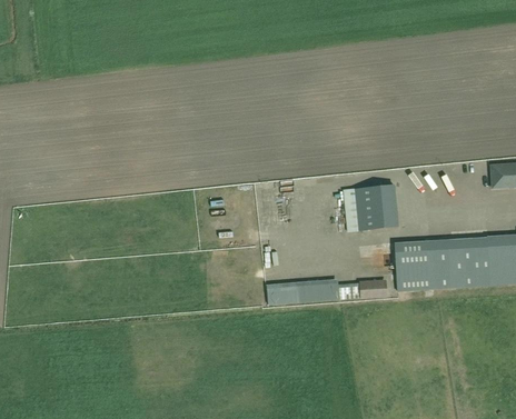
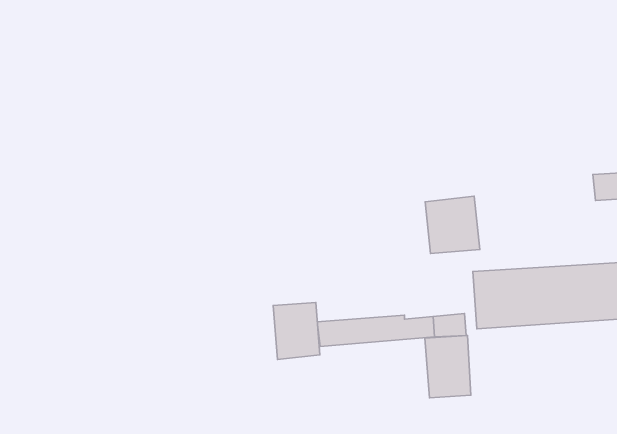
building: none -> [273,302,320,359]
building: none -> [425,335,471,398]

